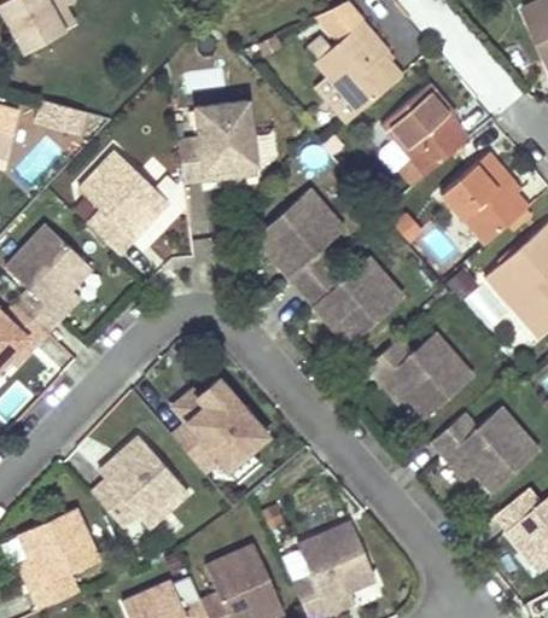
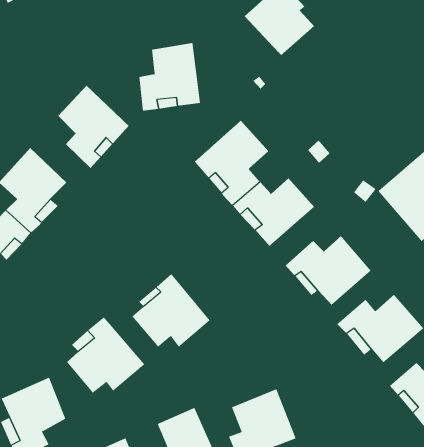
building: [383,81,470,185] -> none
building: [438,154,525,245] -> none

